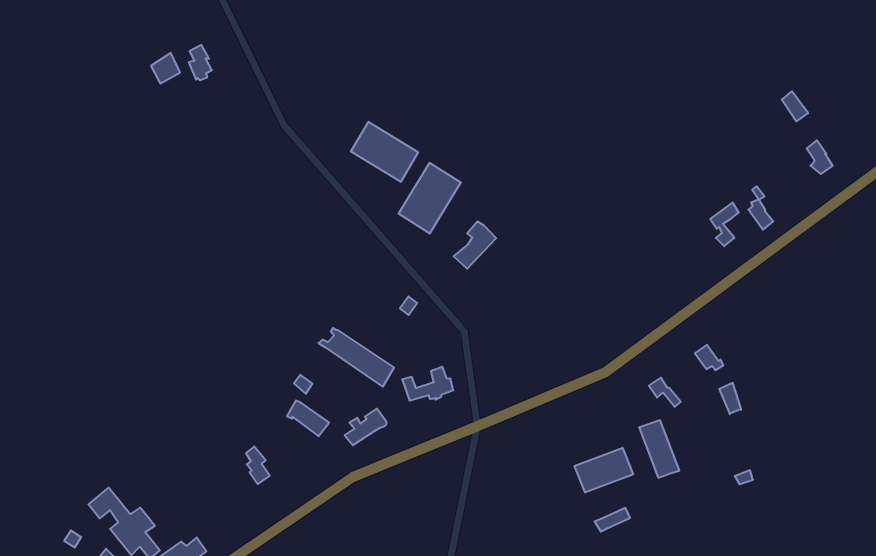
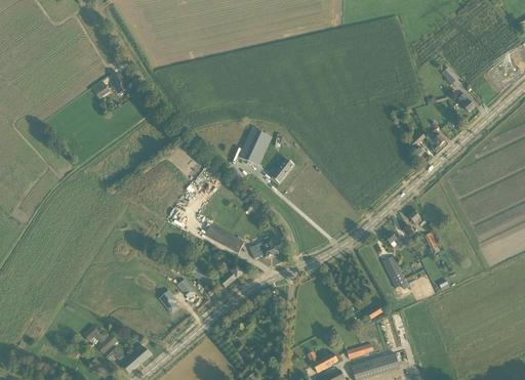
building: [351,122,418,182] -> none
building: [575,448,633,493] -> none

